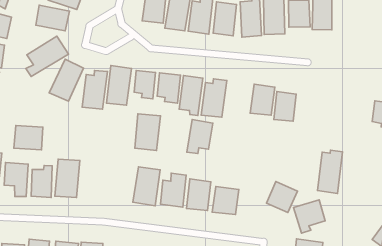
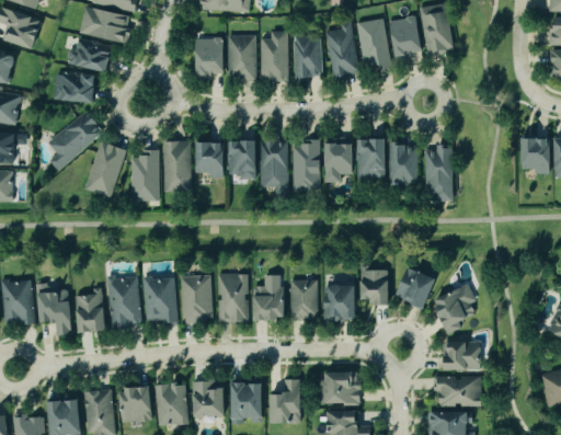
building: [135,114,160,150] -> [179,275,210,323]
building: [187,119,213,154] -> [324,138,354,183]
building: [14,125,43,150] -> none
building: [318,150,342,193] -> [424,146,453,203]
building: none -> [141,276,175,322]
building: none -> [360,267,389,305]

